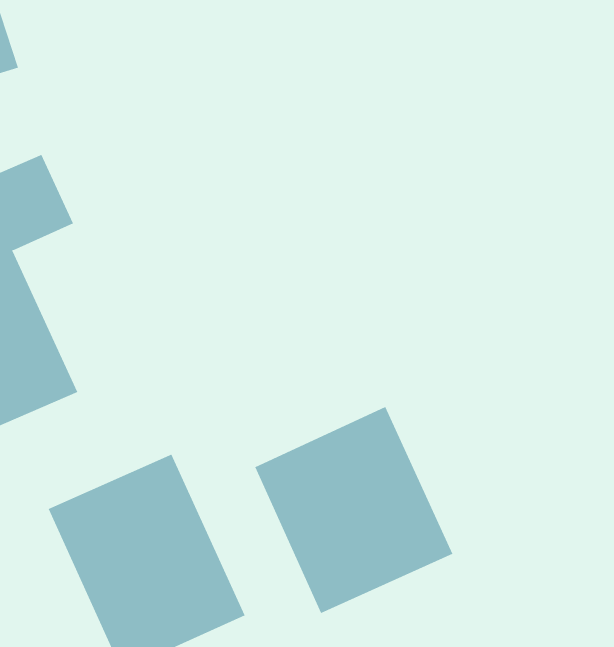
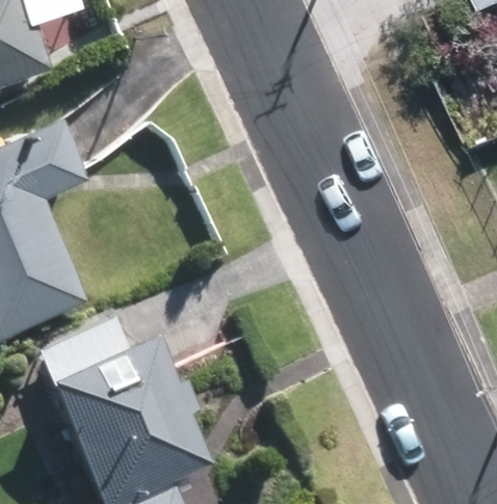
building: [254,406,453,614] -> none

